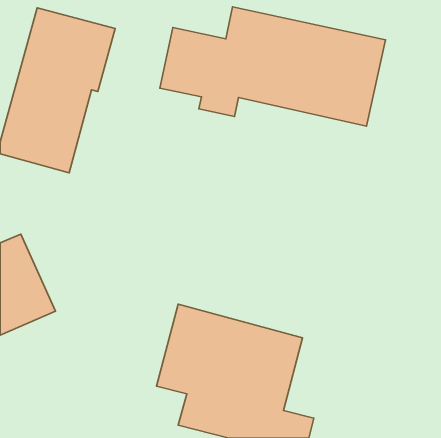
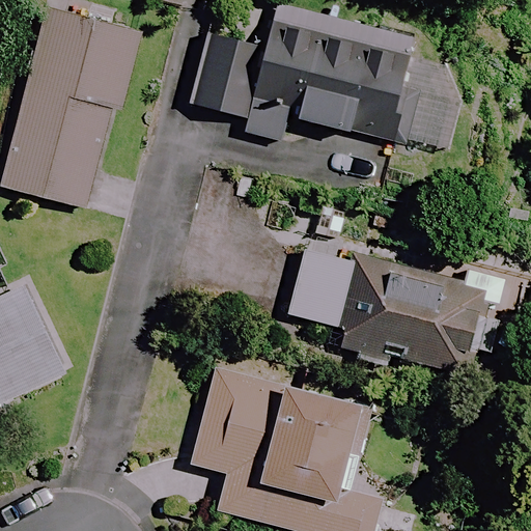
building: none -> [287,240,509,387]

